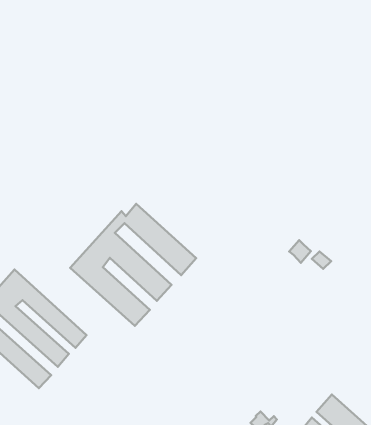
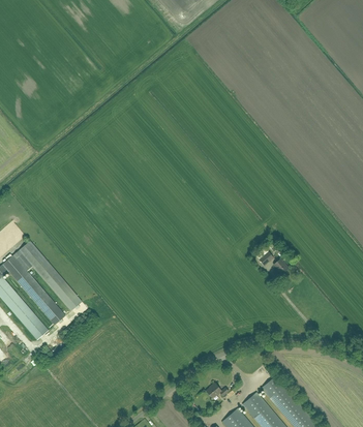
building: [70,204,196,326] -> none

